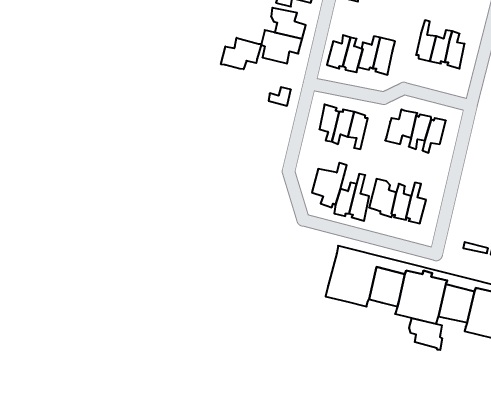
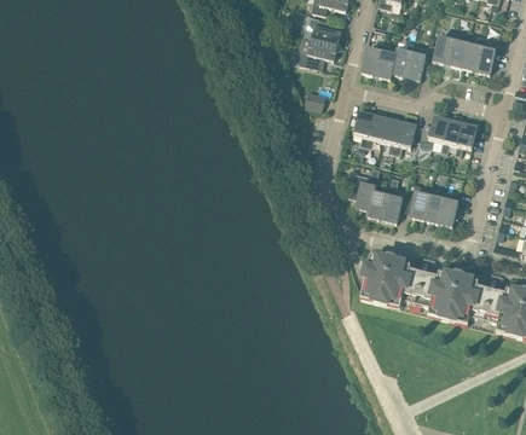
building: none -> [426,27,457,63]
building: [221,38,261,69] -> none
building: none -> [394,122,423,156]
building: [409,318,442,350] -> none

